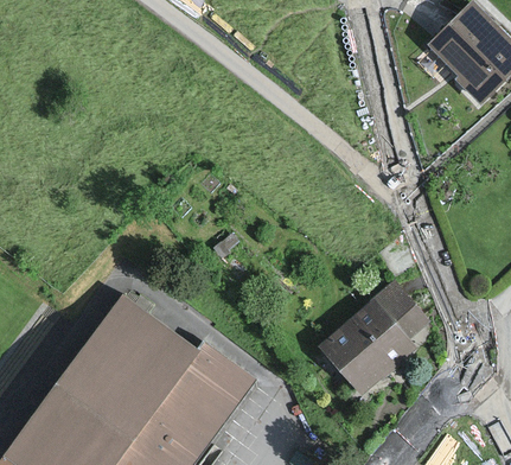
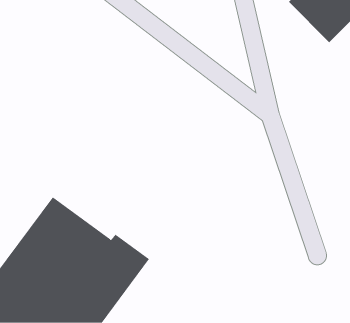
building: [321,282,426,393] -> none

